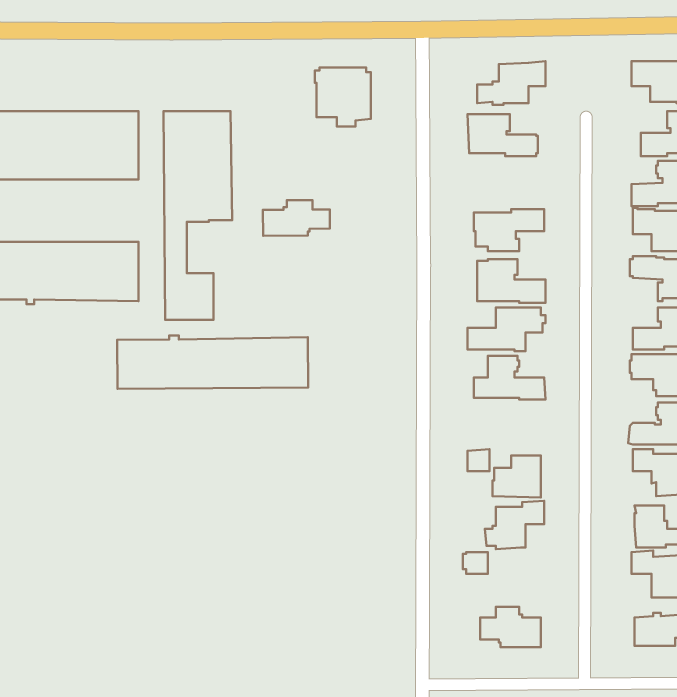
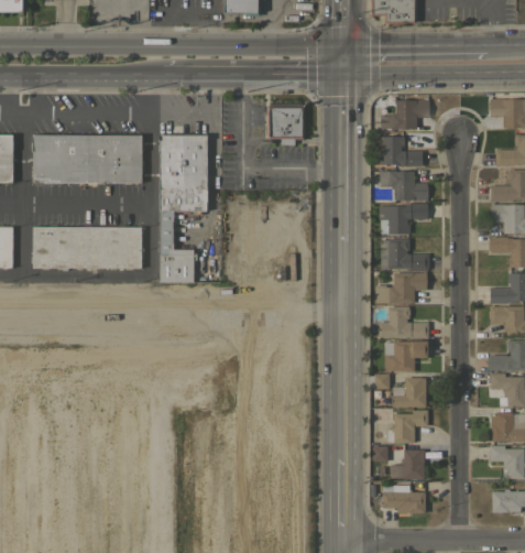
building: none -> [380,171,429,202]
building: [263,200,330,236] -> none
building: [117,336,308,389] -> none
building: none -> [385,340,428,372]
building: none -> [392,449,425,479]

